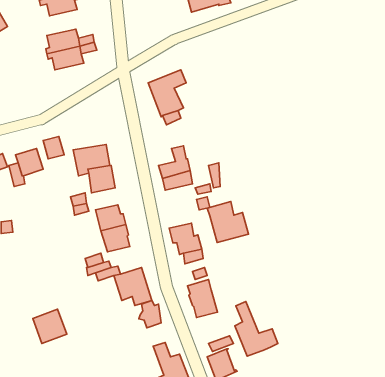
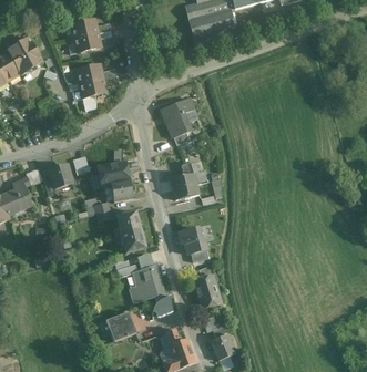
building: [207,202,248,242] -> none
building: [235,301,278,356] -> none
building: [33,309,67,343] -> [106,311,135,340]

